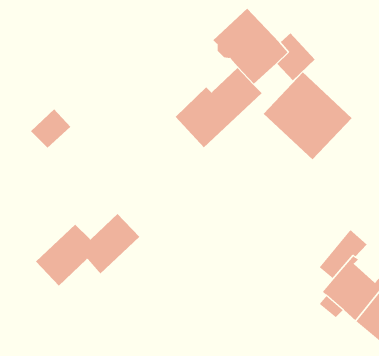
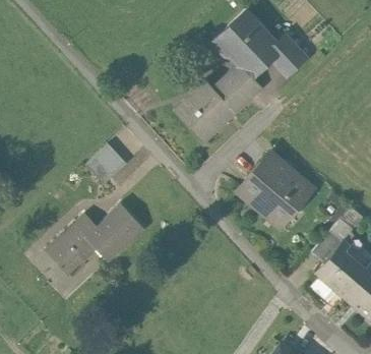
building: [263,72,353,160] -> [237,150,321,233]
building: [30,108,71,148] -> [87,142,126,180]

